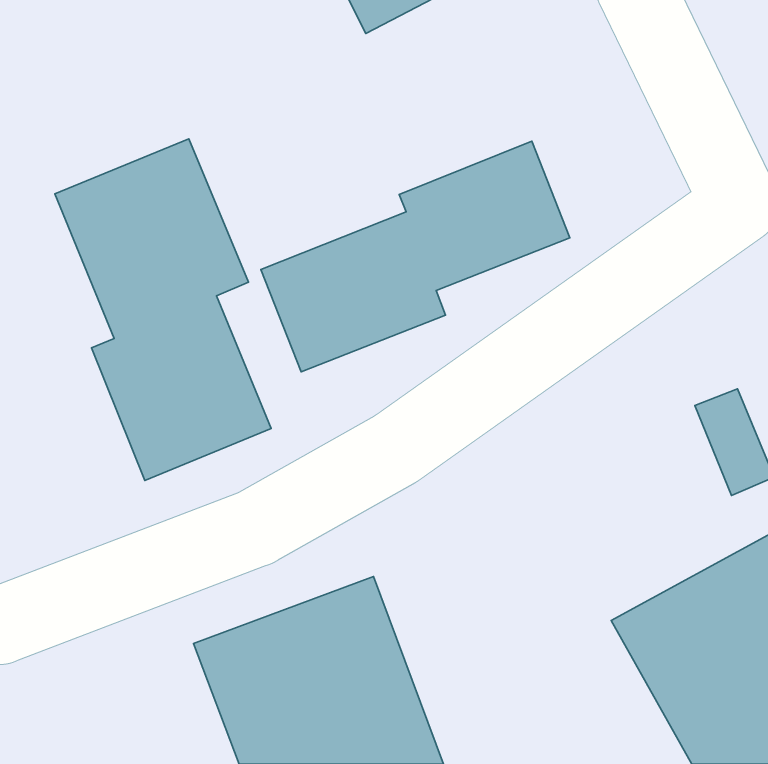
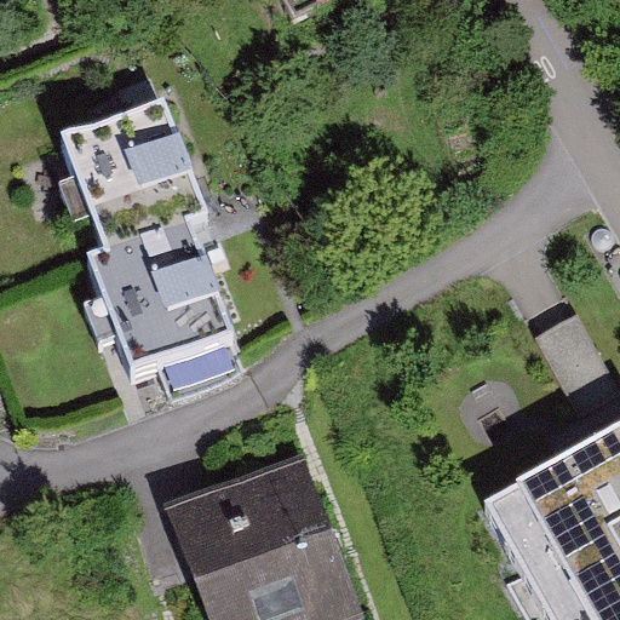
building: [261,141,570,372] -> none

